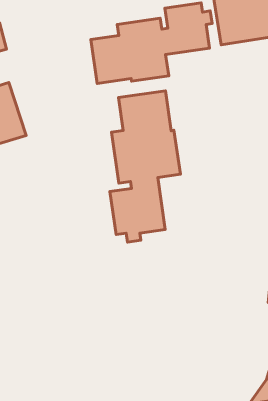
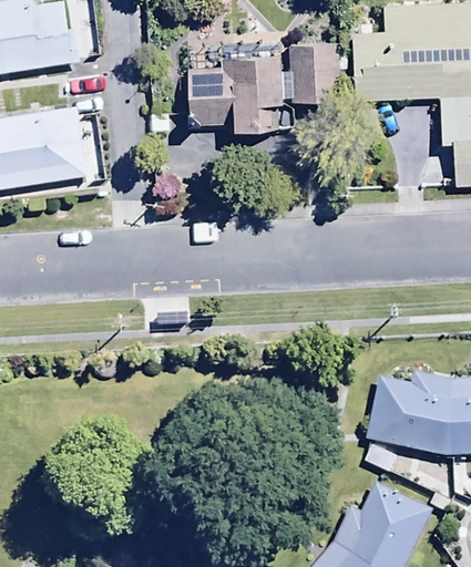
building: [110,91,180,242] -> none

